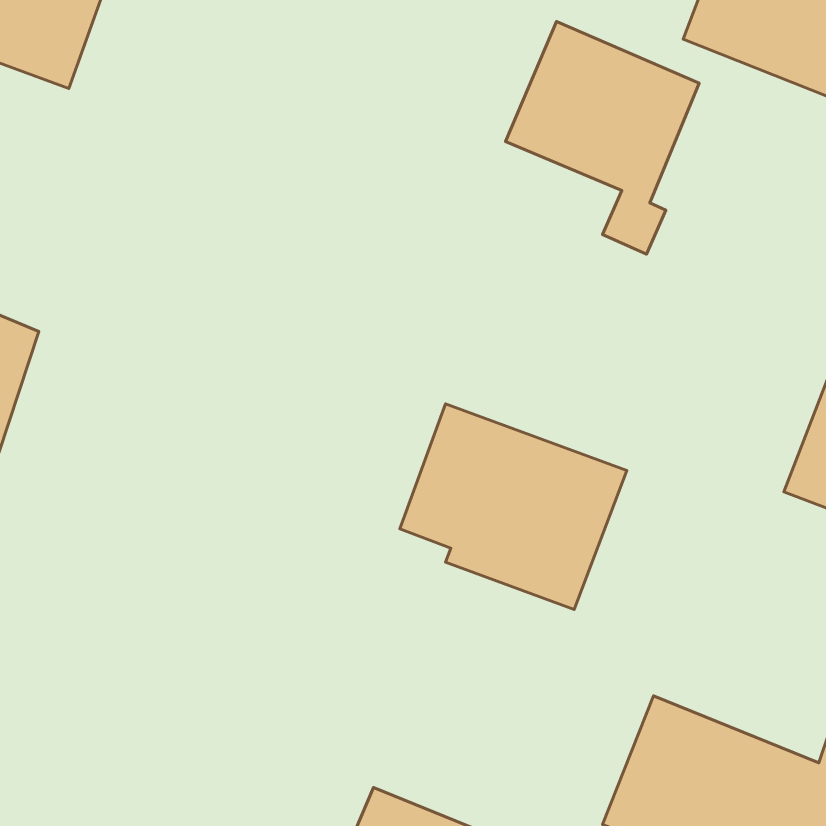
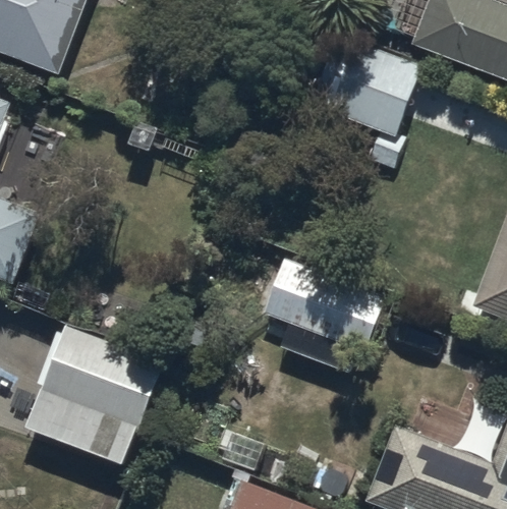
building: none -> [23,323,165,464]

